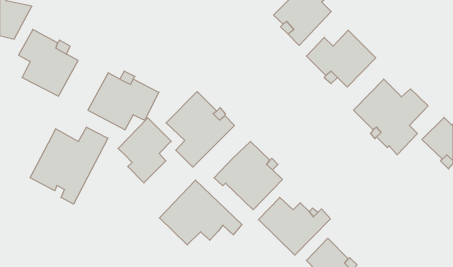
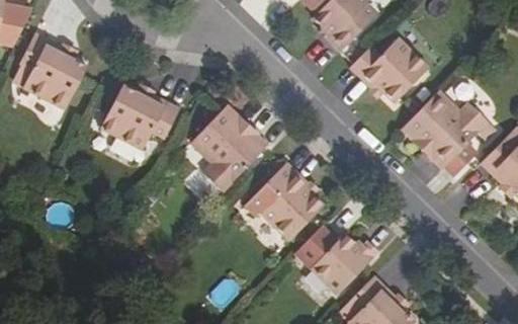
building: [118,118,171,183] -> none
building: [30,127,108,204] -> none
building: [159,180,242,245] -> none

